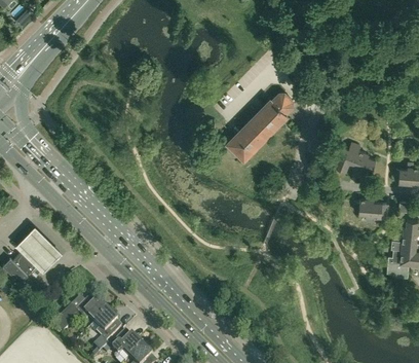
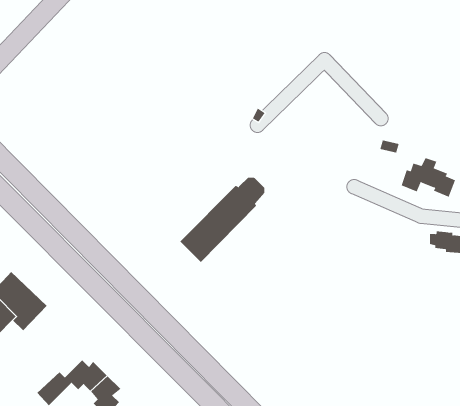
building: [227,95,293,160] -> [179,177,265,263]

